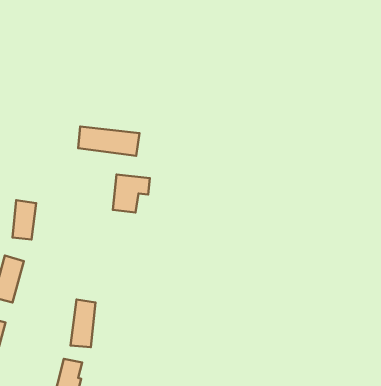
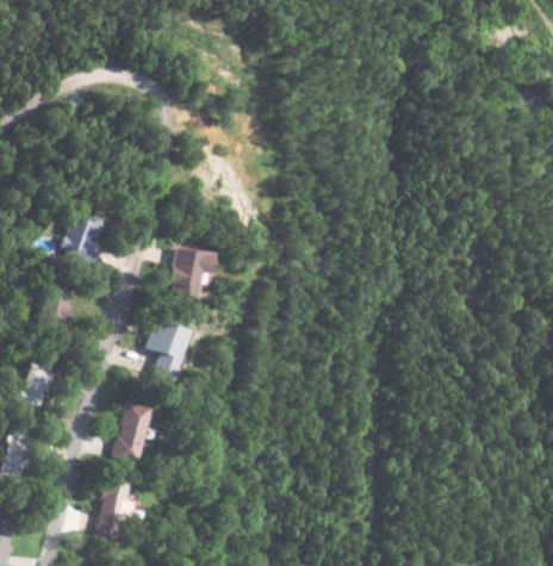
building: [78,126,140,156] -> none
building: none -> [63,212,101,261]
building: none -> [147,317,192,381]

